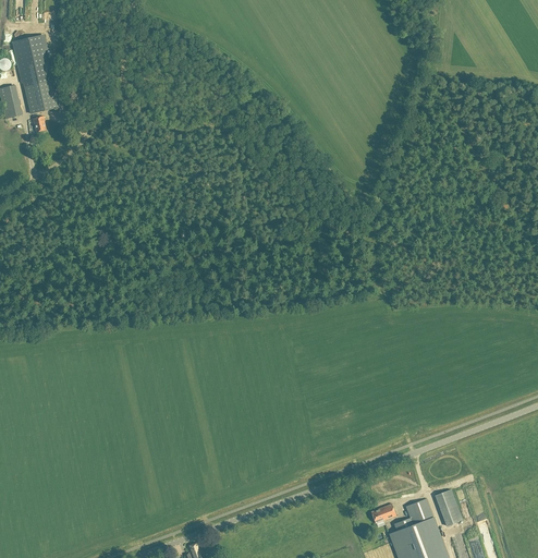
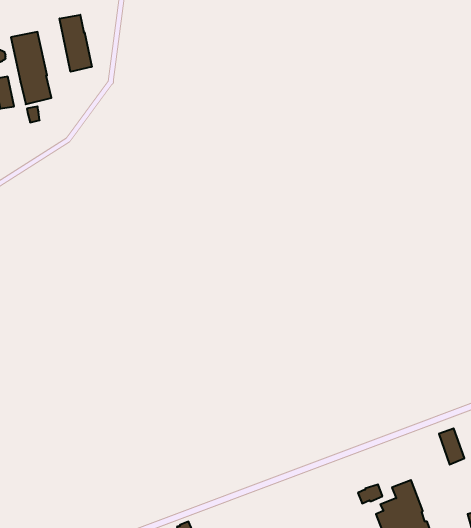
building: none -> [60,15,92,72]
building: [435,489,461,526] -> [439,428,464,465]

